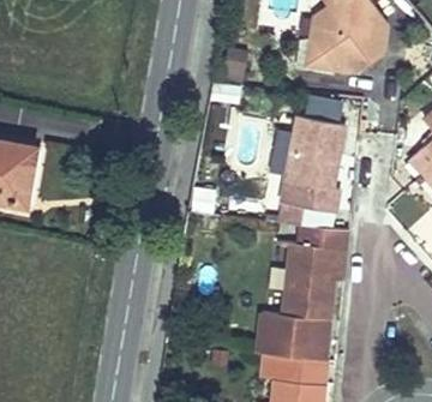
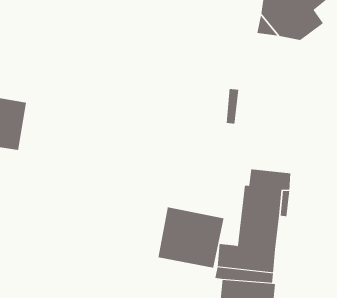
building: [280,116,344,226] -> none
building: none -> [158,207,224,269]

